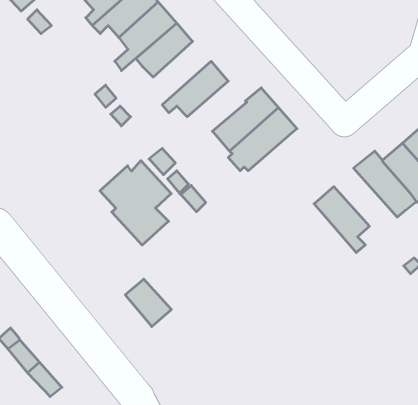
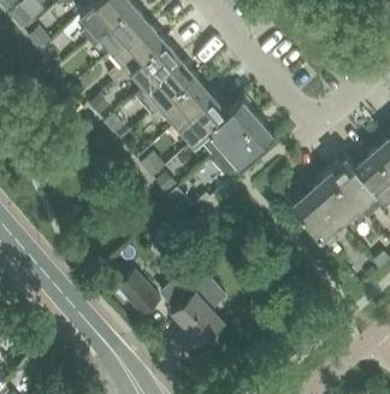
building: none -> [136,58,196,116]
building: none -> [175,94,229,146]
building: [100,161,171,245] -> [160,266,225,343]
building: none -> [308,174,366,227]

